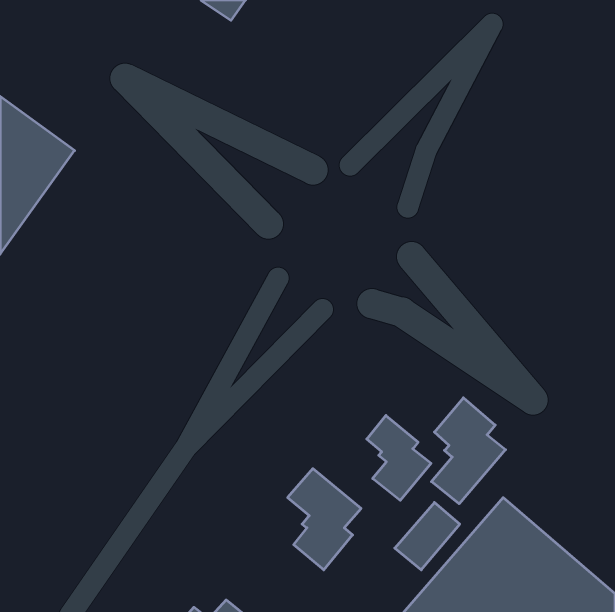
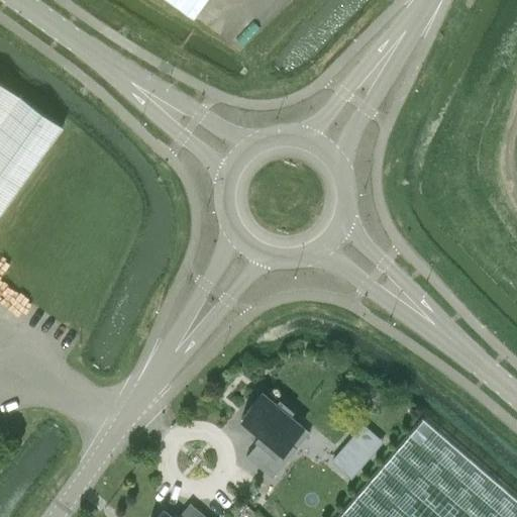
building: [431,398,506,504] -> none
building: [367,415,431,500] -> none

